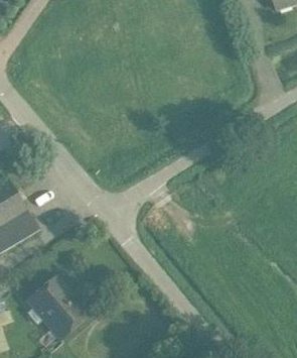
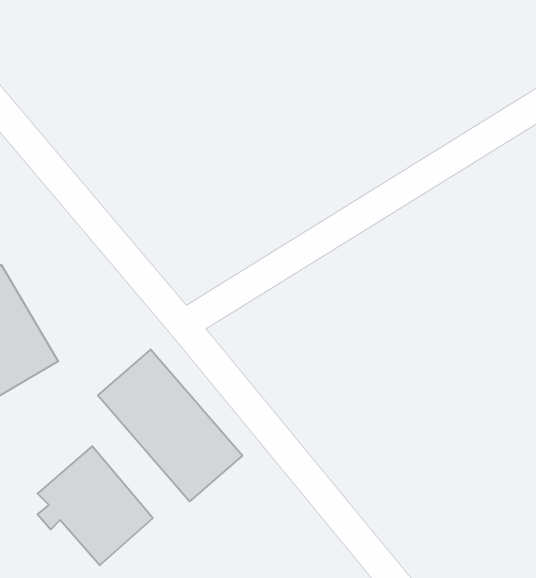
building: none -> [98,349,242,501]

